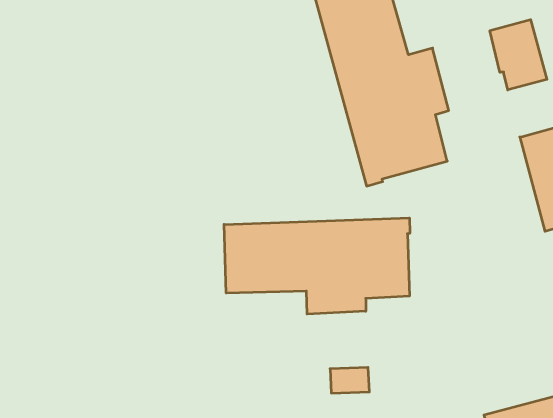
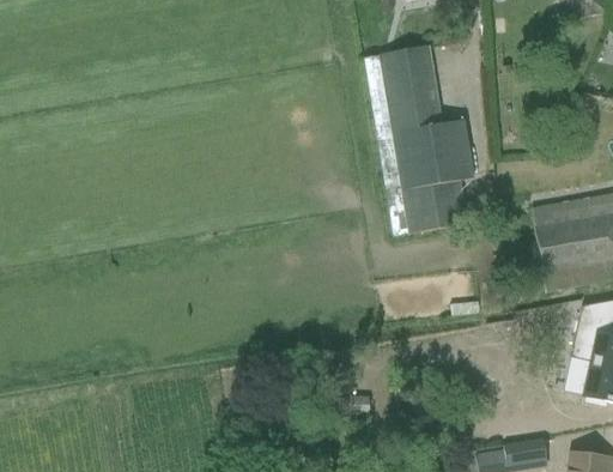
building: [490,20,547,90] -> none
building: [224,218,410,314] -> none

